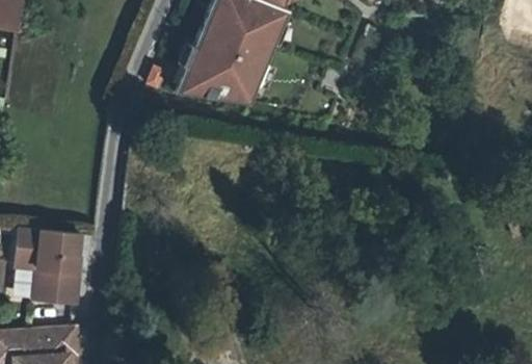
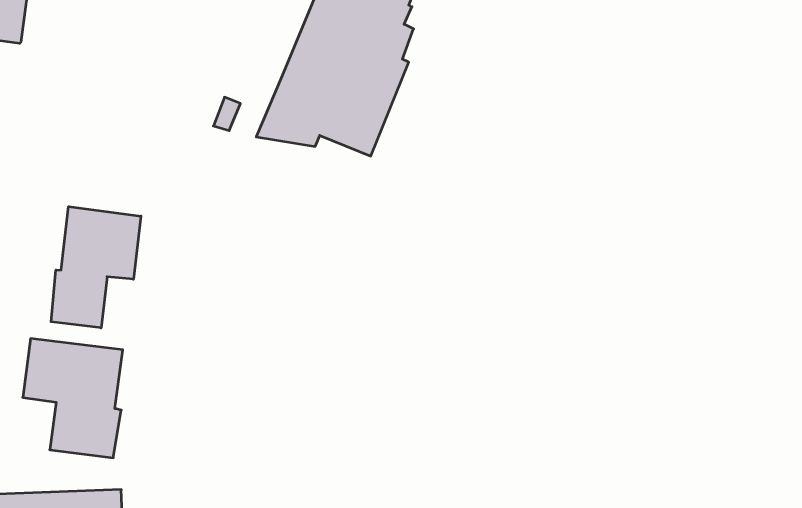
building: none -> [51,207,141,328]

